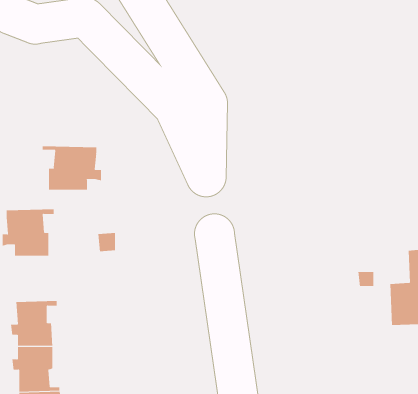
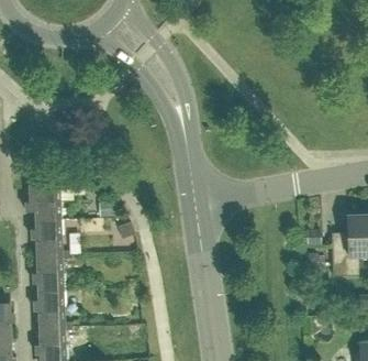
building: [42,145,101,190] -> none
building: none -> [31,219,69,255]

